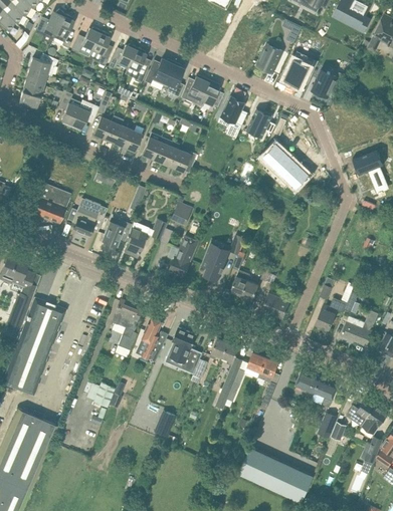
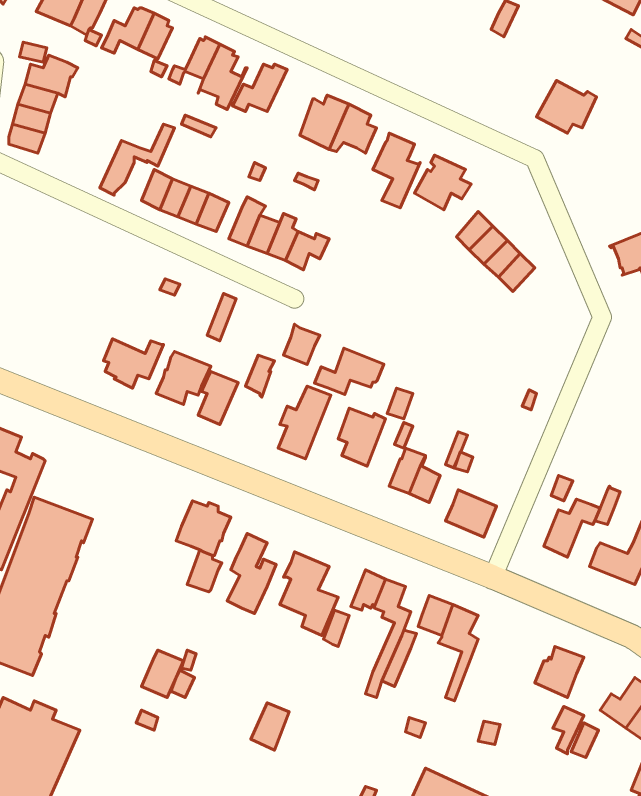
building: [256,44,281,72] -> none
building: [281,59,313,83] -> none
building: [162,61,183,96] -> none
building: [58,91,80,126] -> none
building: [32,183,70,223] -> none
building: none -> [314,348,384,395]
building: [294,370,321,400] -> none

